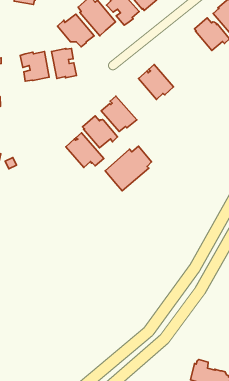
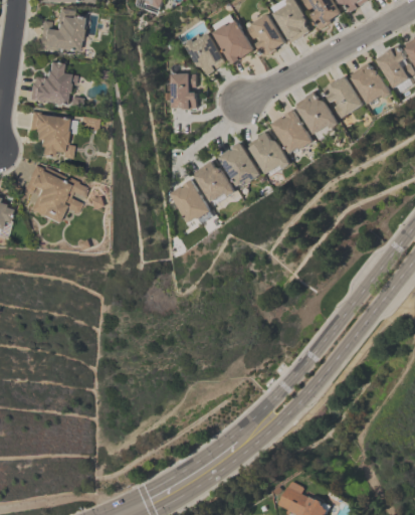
building: none -> [323,76,363,119]
building: none -> [295,93,339,135]
building: [20,51,49,81] -> none
building: none -> [248,133,290,175]
building: [105,146,151,191] -> none

